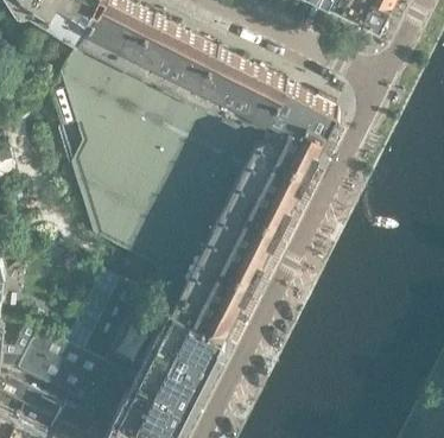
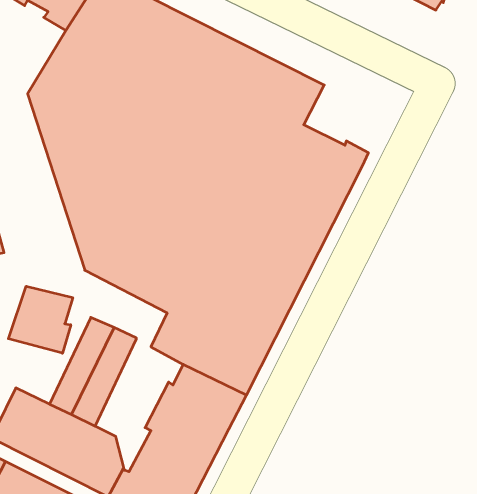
building: [269,87,334,141] -> none
building: none -> [8,286,73,353]

